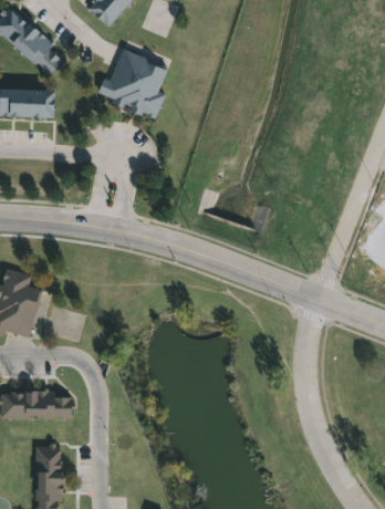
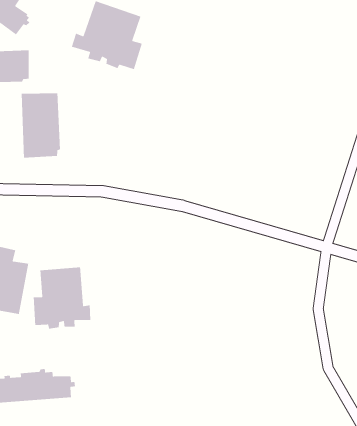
building: none -> [21,92,61,159]
building: none -> [33,266,91,329]

